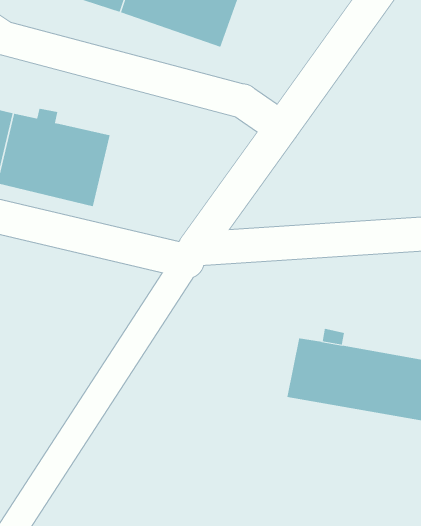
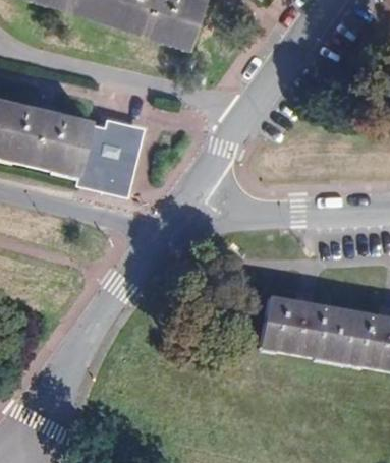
building: none -> [83,113,150,199]

